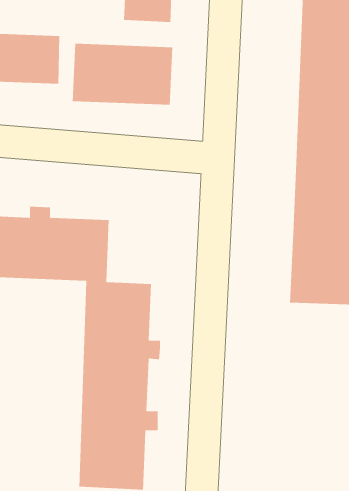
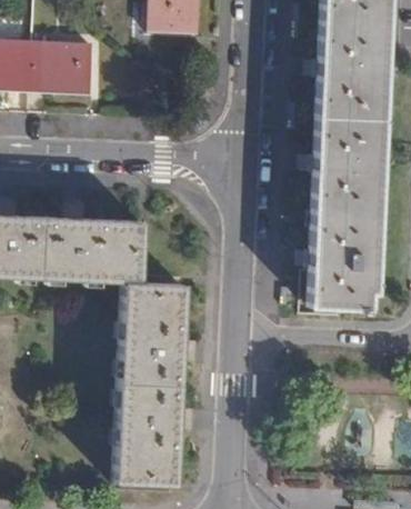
building: [72,43,173,106] -> none

